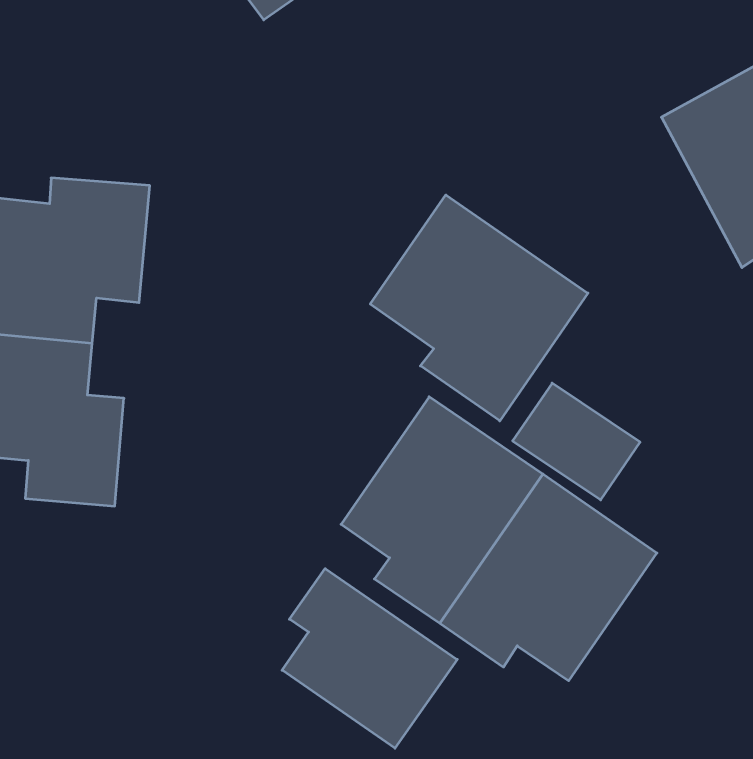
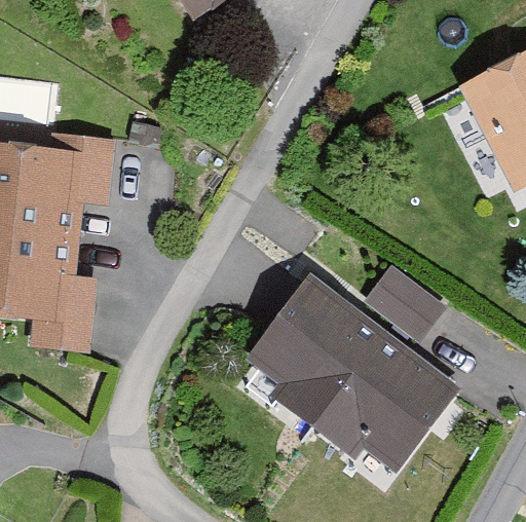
building: [370,195,588,421] -> none
building: [282,569,457,748] -> none

